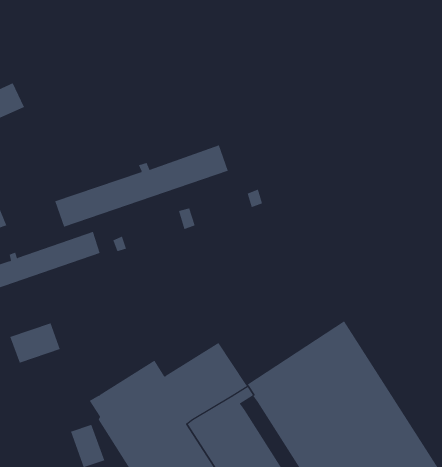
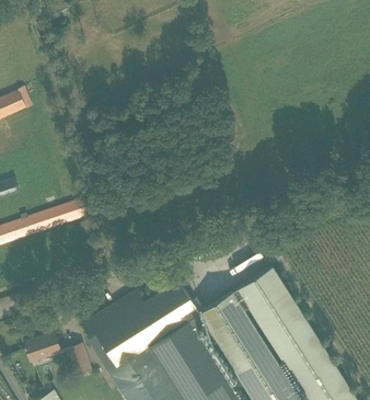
building: [55,144,228,228] -> none
building: [10,323,61,363] -> none
building: none -> [24,333,60,364]

